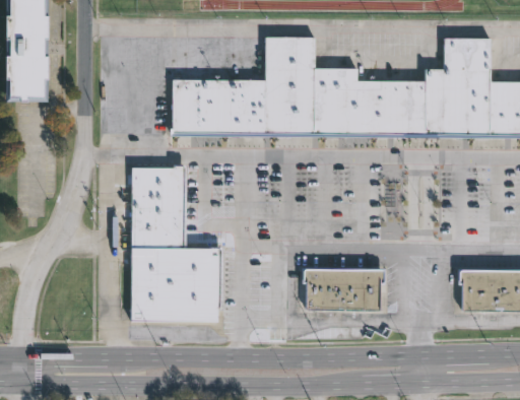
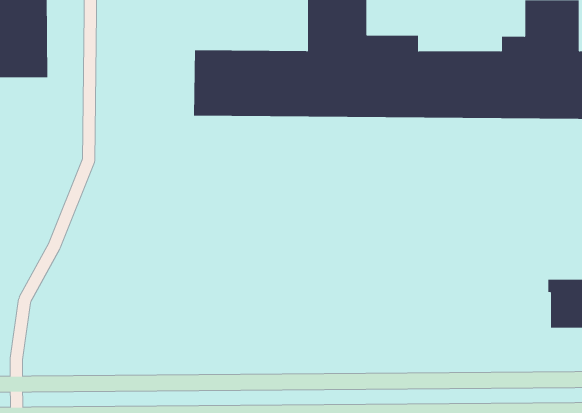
building: [129,164,223,321] -> none
building: [307,267,387,309] -> none

